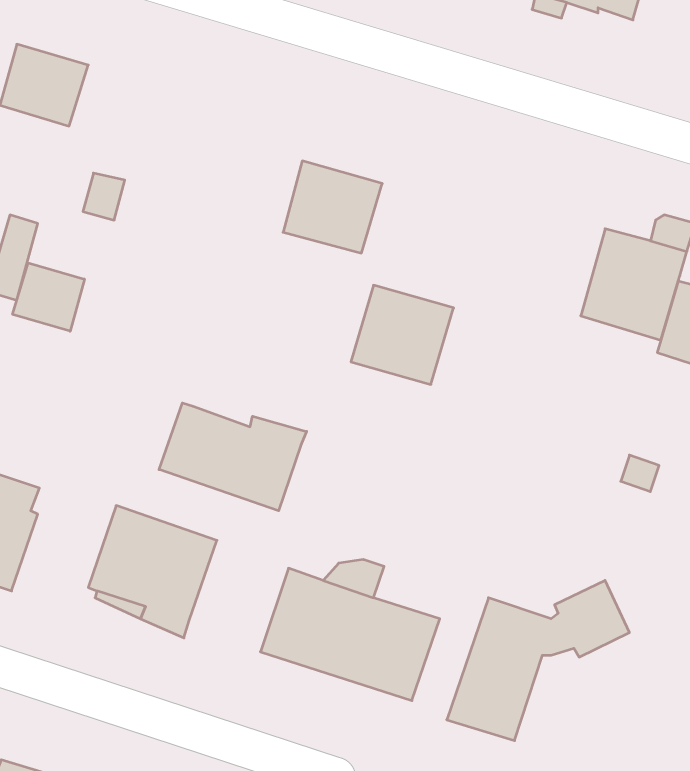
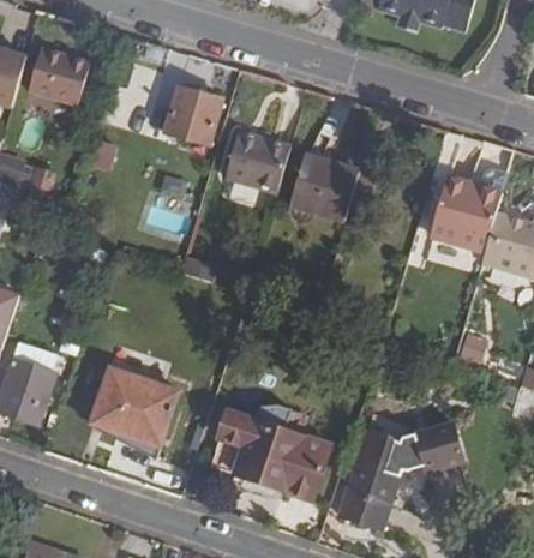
building: none -> [162,84,222,145]
building: [13,263,84,331] -> none
building: [351,285,454,384] -> [288,152,359,221]
building: [159,403,307,511] -> none

